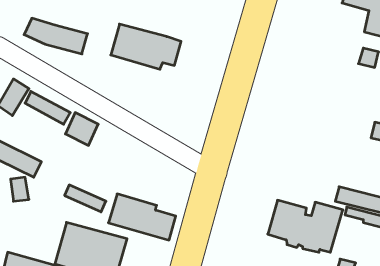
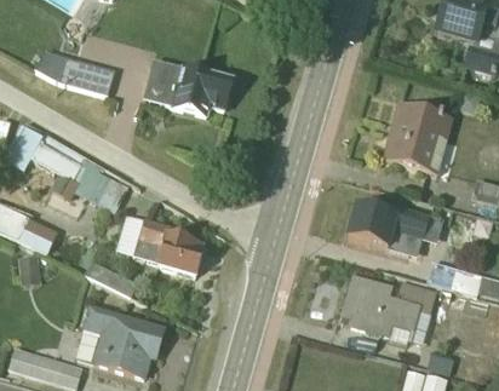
building: none -> [382,103,453,174]
building: none -> [346,202,442,257]
building: [108,194,176,240] -> [119,214,203,272]

